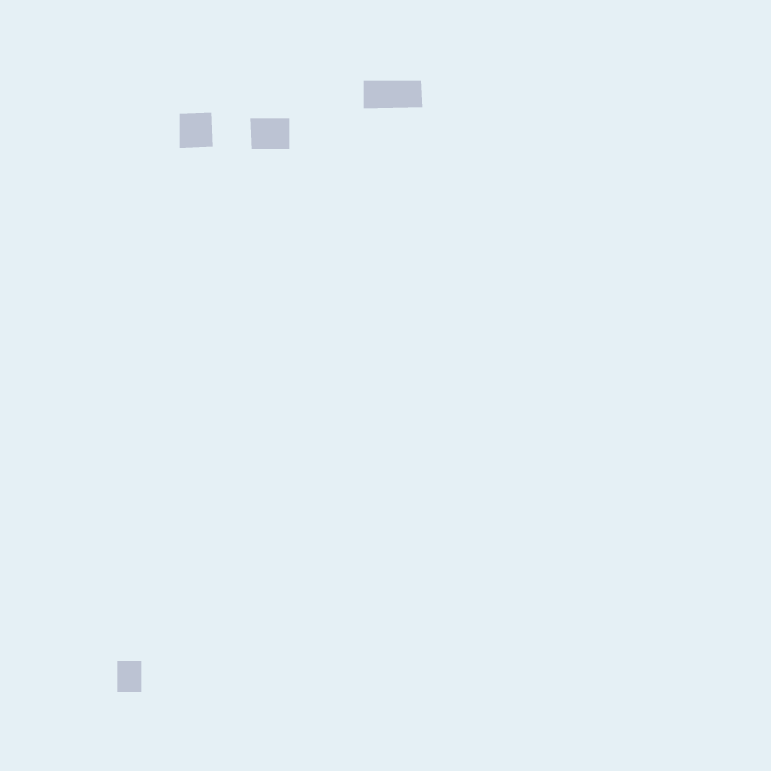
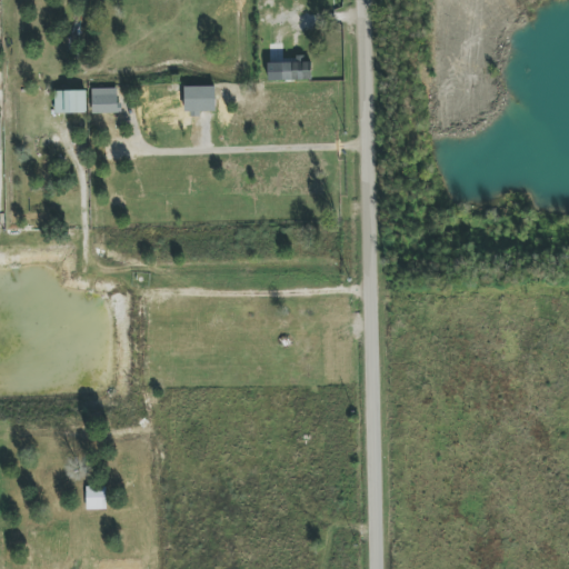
building: [179,112,214,148] -> [91,87,117,113]
building: none -> [53,89,86,112]

